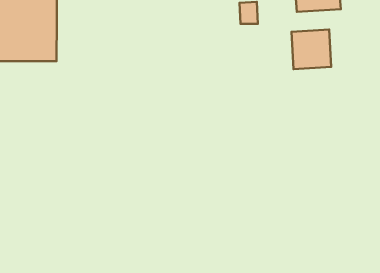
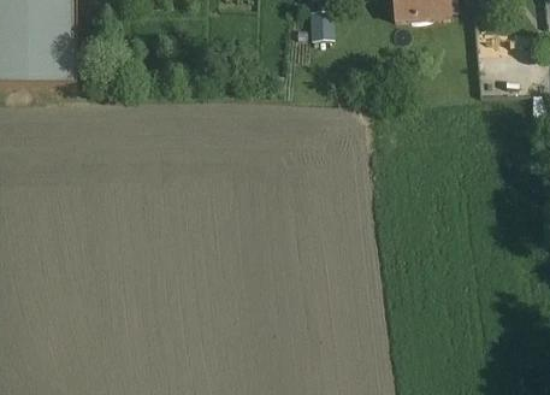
building: [291,30,331,69] -> none

